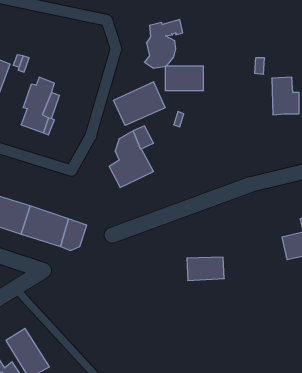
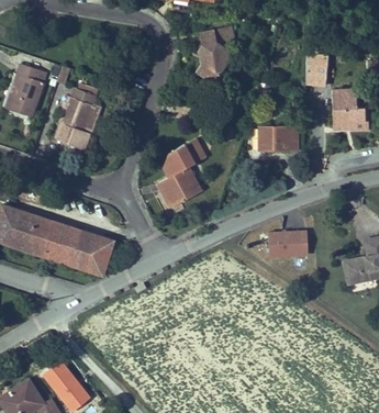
building: [165,66,204,91] -> [257,125,299,152]
building: [114,82,165,125] -> none
building: [187,257,224,281] -> [268,233,309,258]

